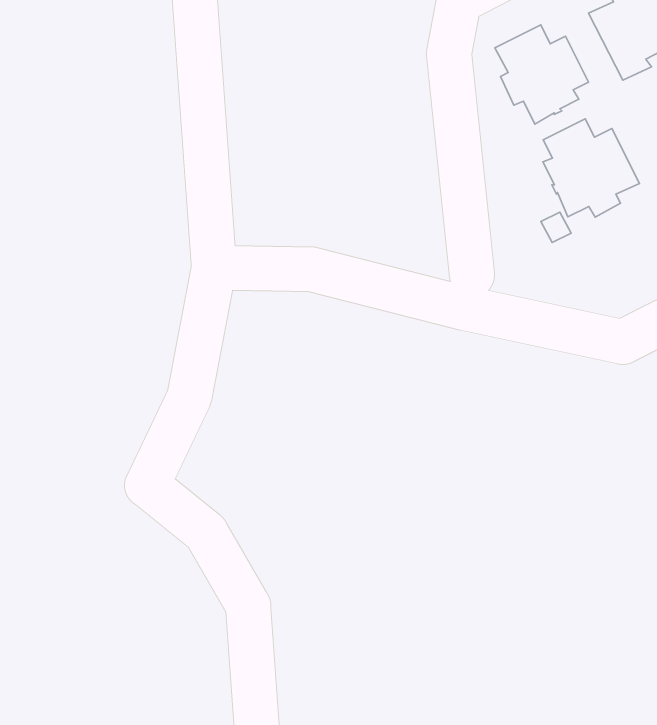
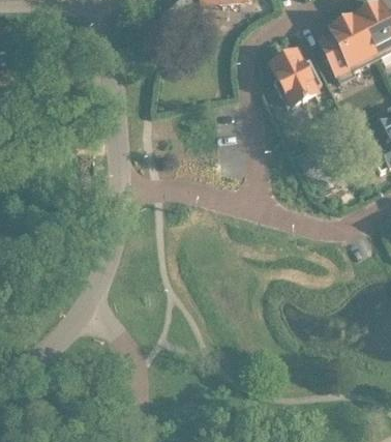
building: [543,119,640,217] -> none

